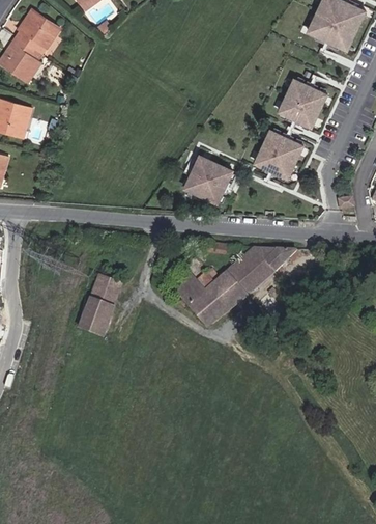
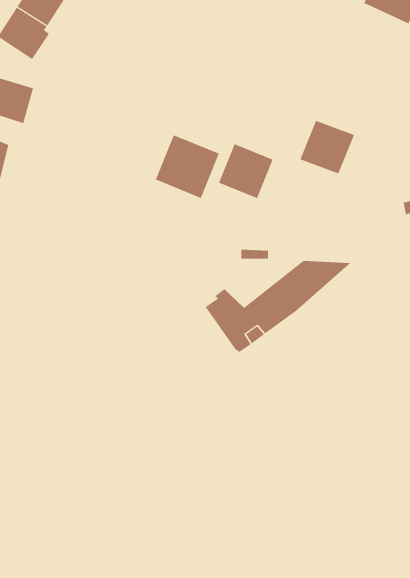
building: [279,79,325,126] -> none
building: none -> [155,135,220,199]
building: [79,272,127,338] -> none

